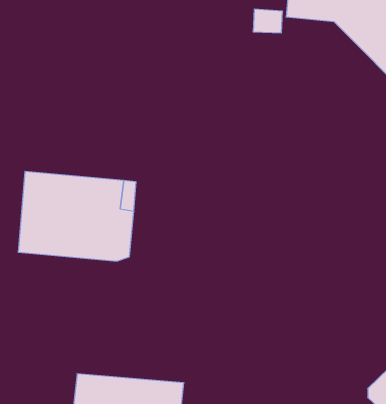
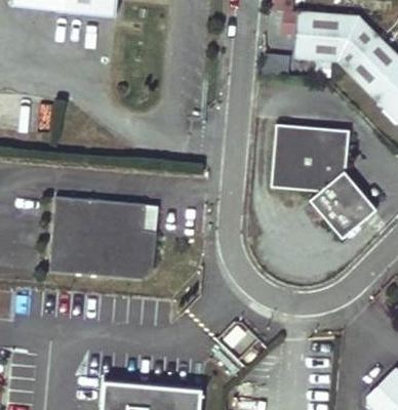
building: none -> [271,124,377,237]

